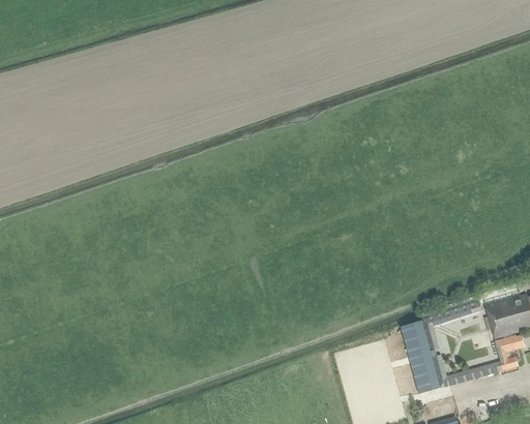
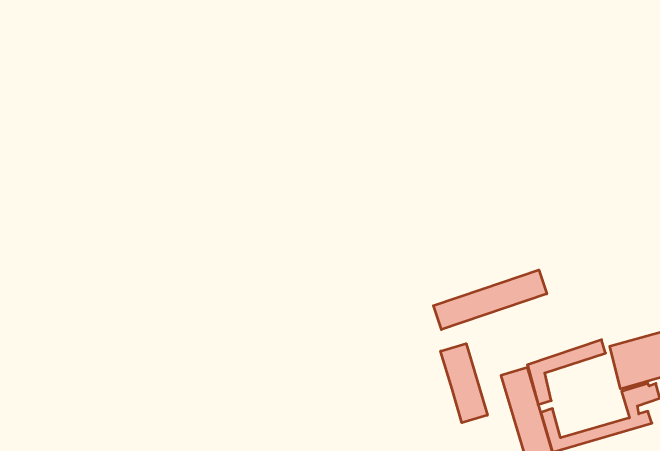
building: none -> [433,270,547,330]
building: none -> [441,344,487,423]

